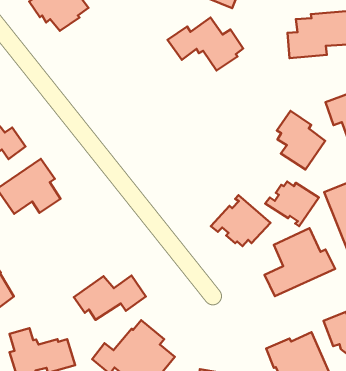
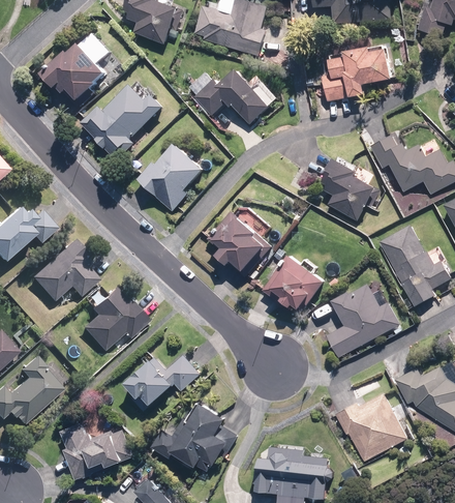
building: none -> [80,85,163,161]
building: none -> [137,143,205,212]
building: none -> [210,213,272,271]
building: [265,182,319,226] -> none
building: none -> [80,287,148,352]

